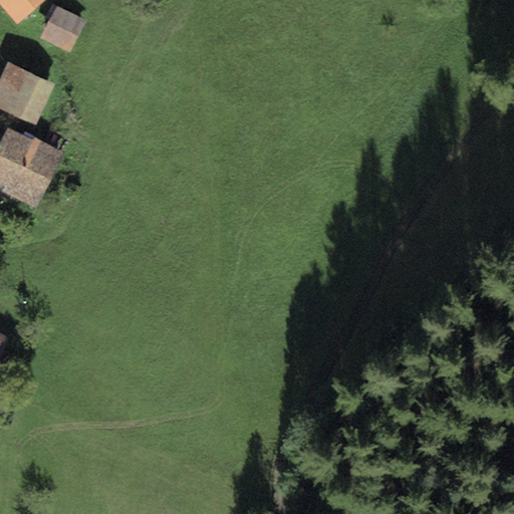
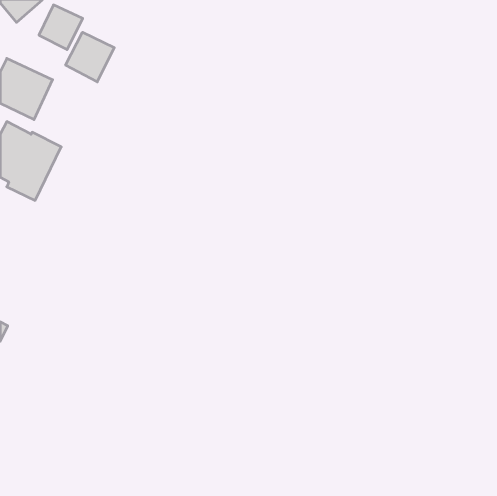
building: none -> [66,32,114,82]

